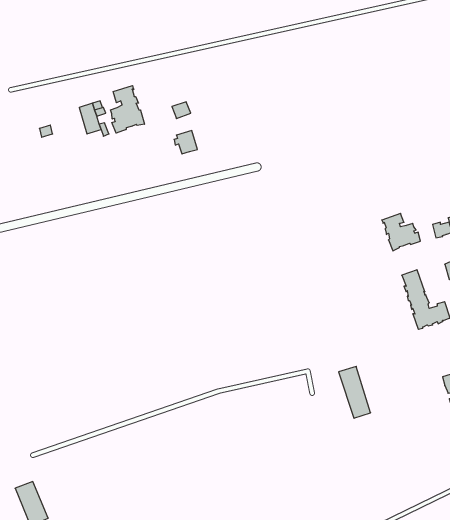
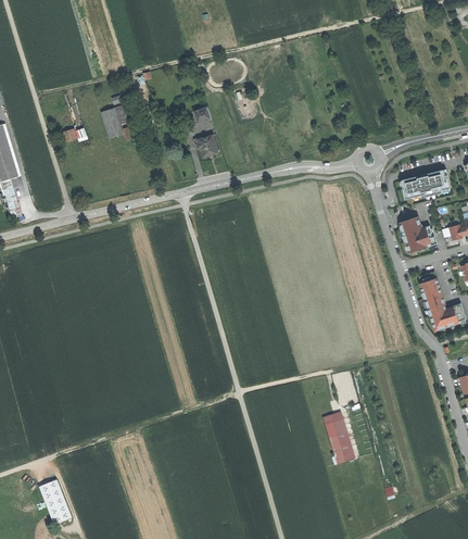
building: [110,86,144,133] -> none
building: none -> [403,168,452,199]
building: [339,366,371,418] -> [324,412,355,463]

